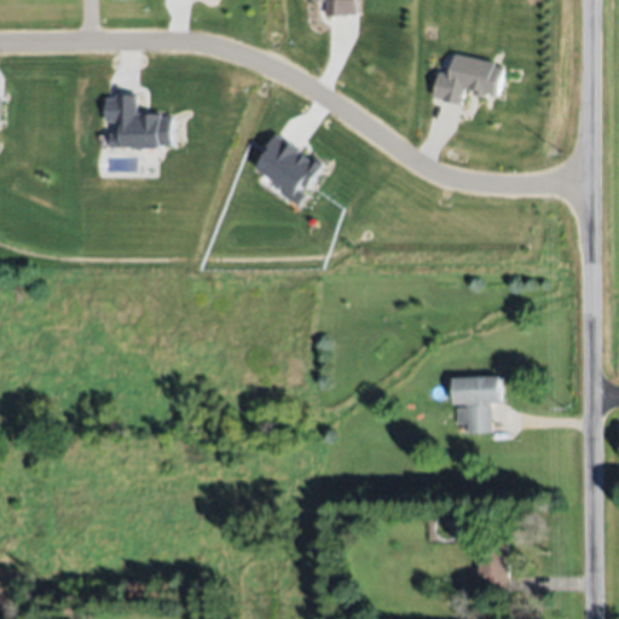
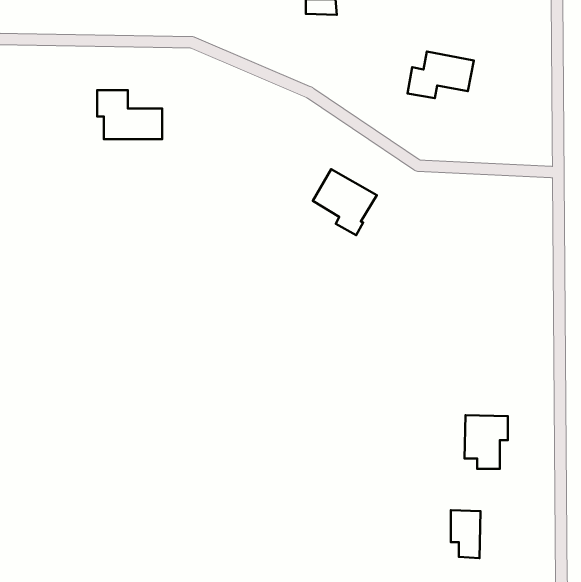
building: [255,135,323,206] -> [313,169,377,235]
building: [452,375,498,432] -> [464,415,508,469]

